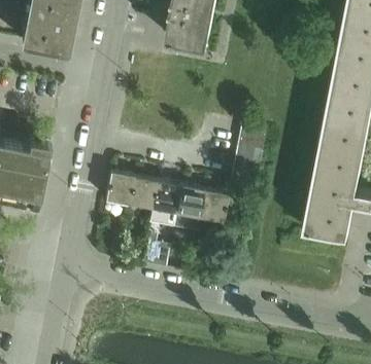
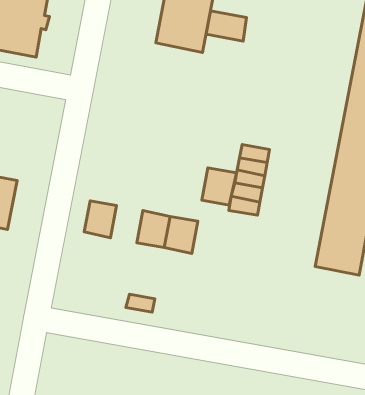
building: none -> [206,11,246,41]
building: [128,181,156,213] -> none
building: [198,194,228,226] -> [202,168,236,205]

